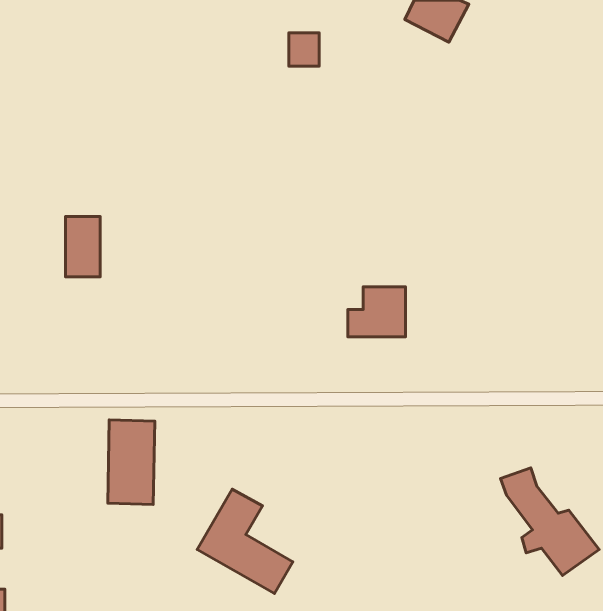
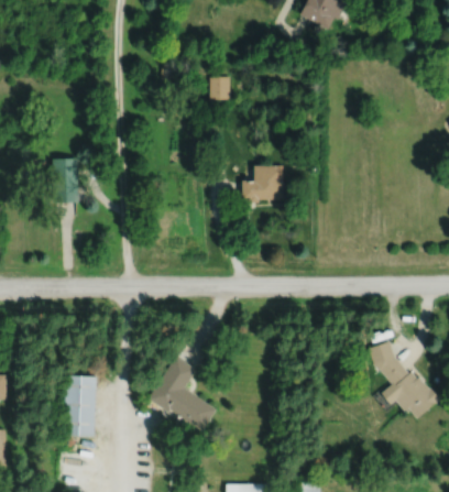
building: [289,33,319,66] -> [209,76,231,100]
building: [348,287,405,337] -> [241,165,283,201]
building: [108,420,155,505] -> [62,375,96,437]

